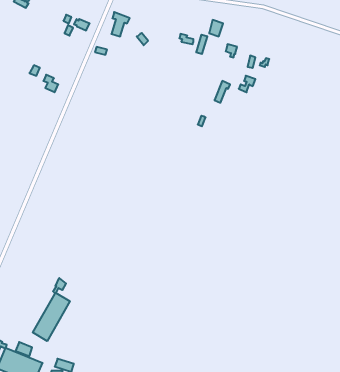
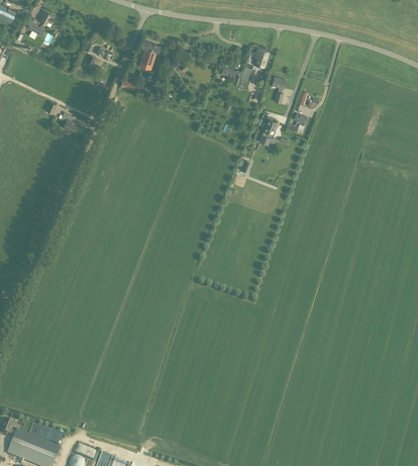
building: [33,278,70,341] -> none

